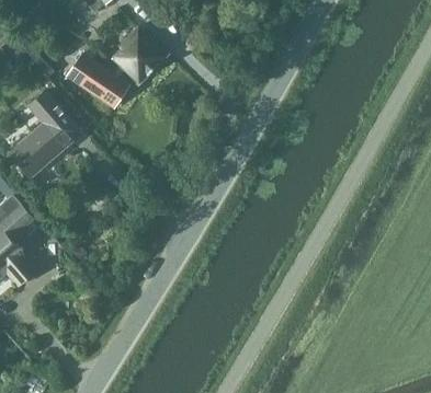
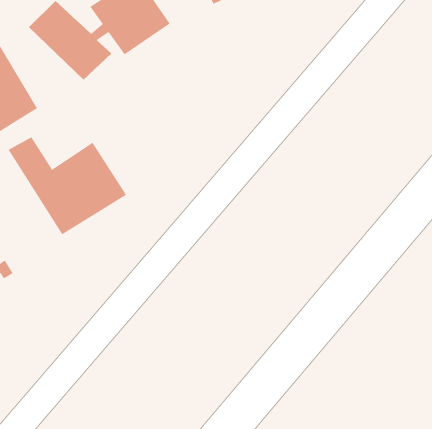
building: none -> [8,136,127,235]

